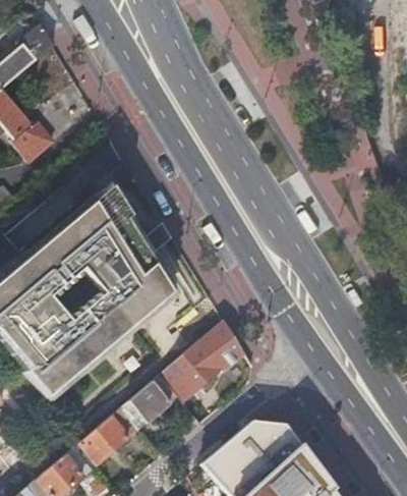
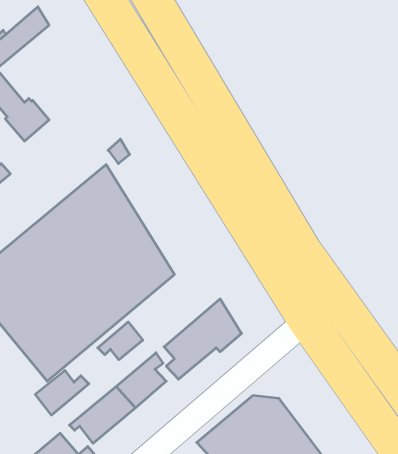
building: none -> [98,322,143,360]
building: none -> [35,370,89,415]

